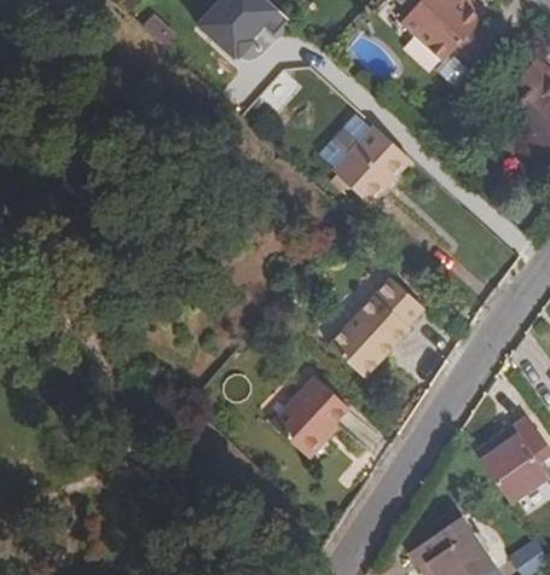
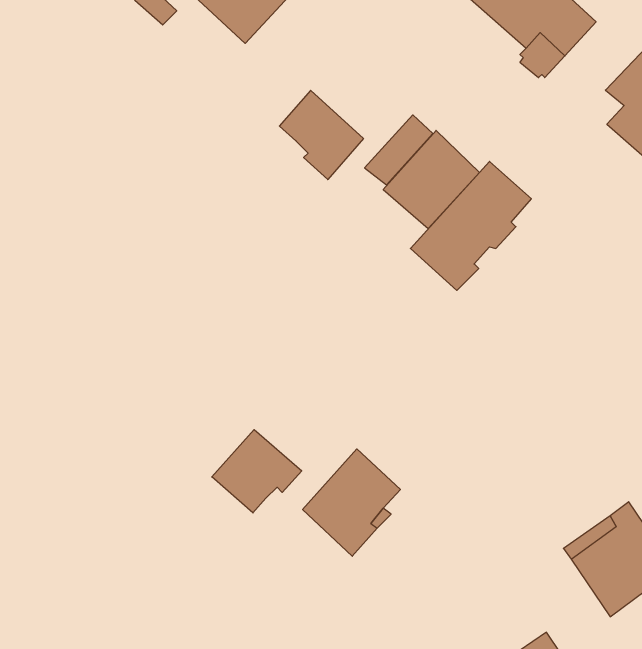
building: none -> [279,90,363,180]
building: [329,277,423,377] -> [410,161,531,290]
building: none -> [212,430,302,513]

